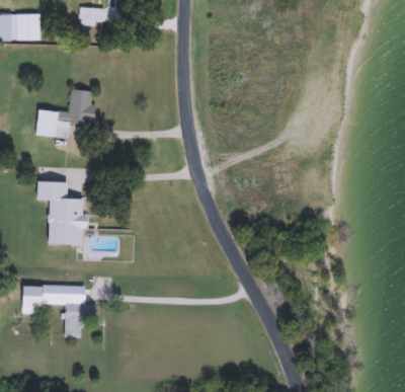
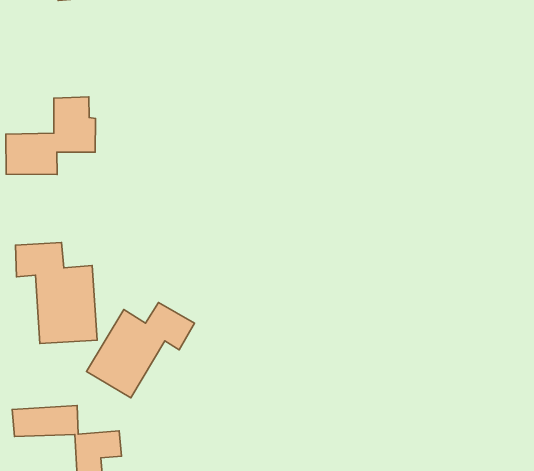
building: none -> [87,302,194,398]

